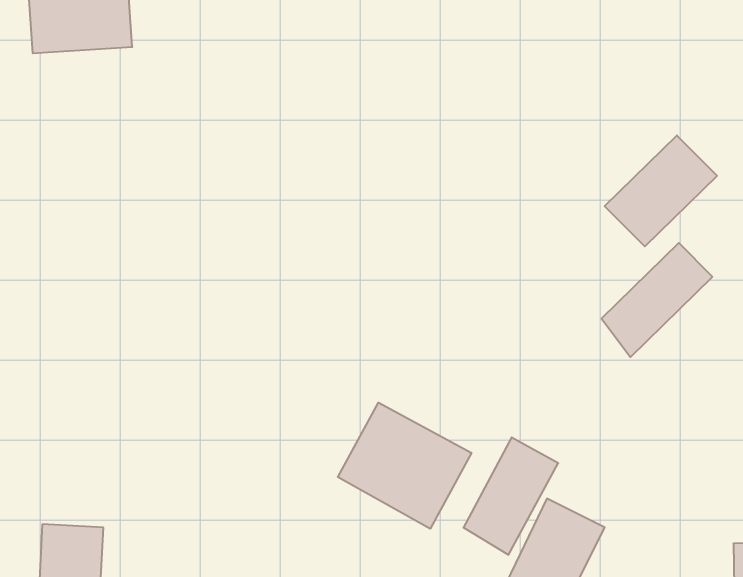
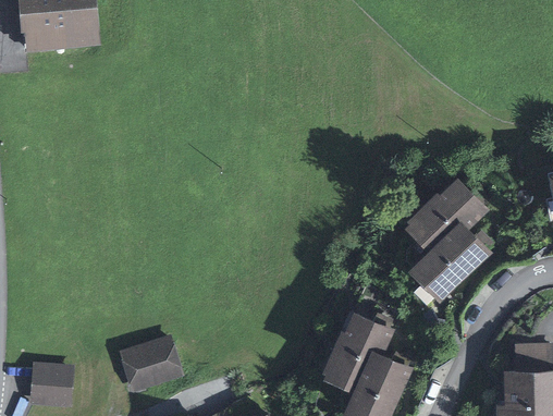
building: [605,135,717,246] -> [413,227,489,302]
building: [338,403,471,529] -> none
building: none -> [125,344,177,388]

